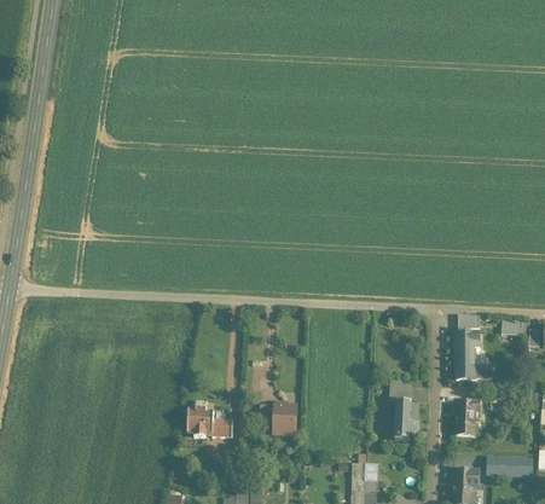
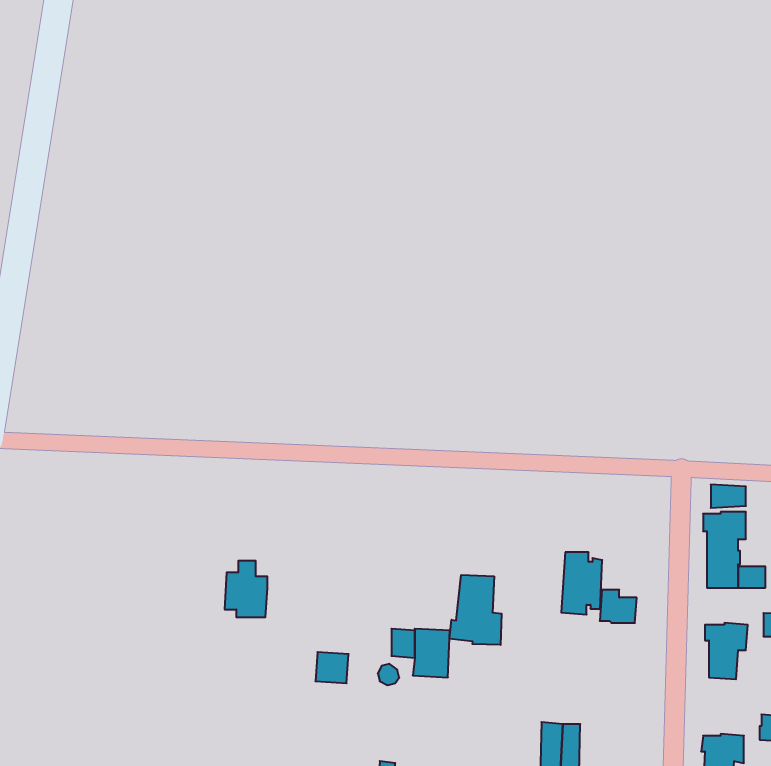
building: none -> [449,575,502,645]
building: [393,400,418,439] -> [561,552,602,615]
building: [186,401,213,436] -> [225,561,267,617]

